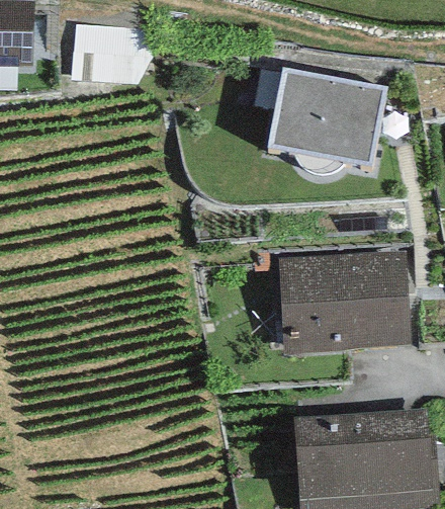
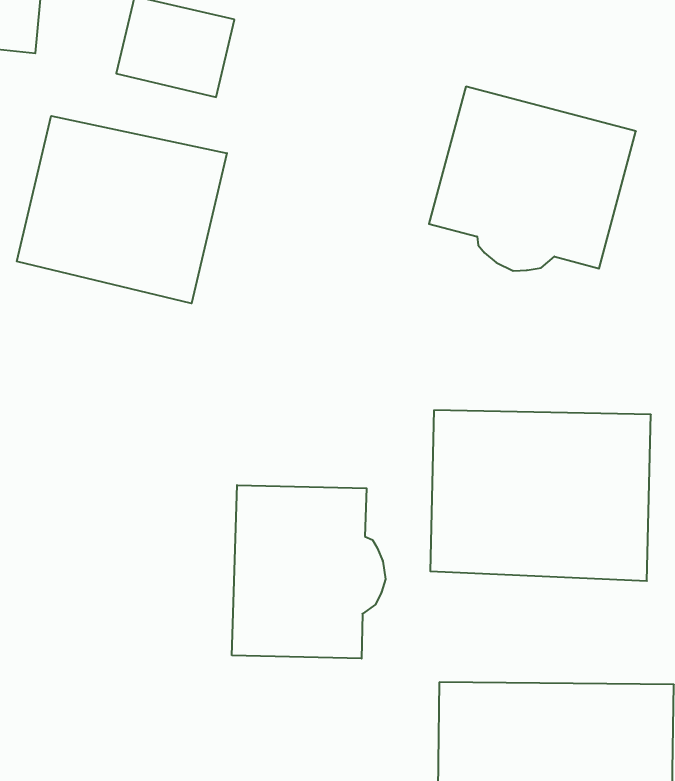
building: none -> [17,116,227,303]
building: none -> [232,485,386,659]

